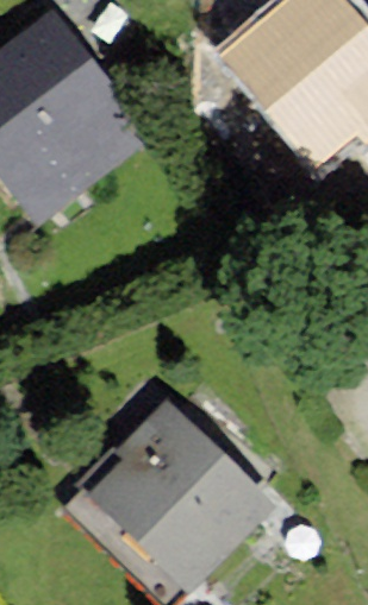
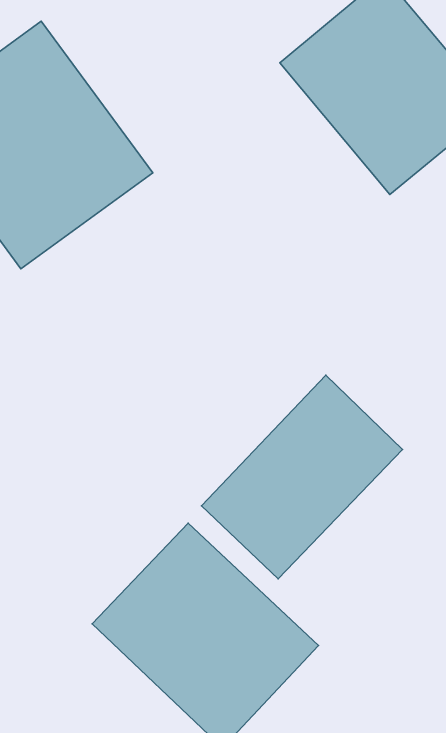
building: none -> [201,375,402,579]

